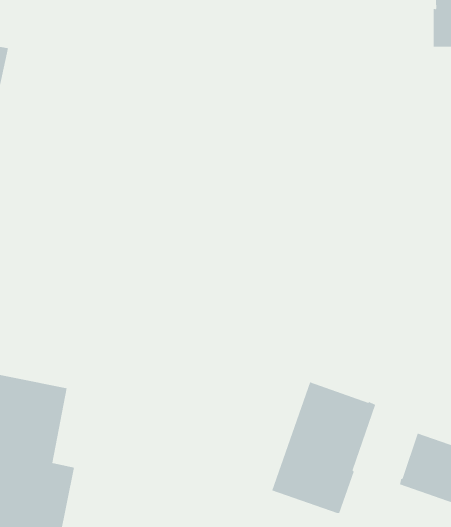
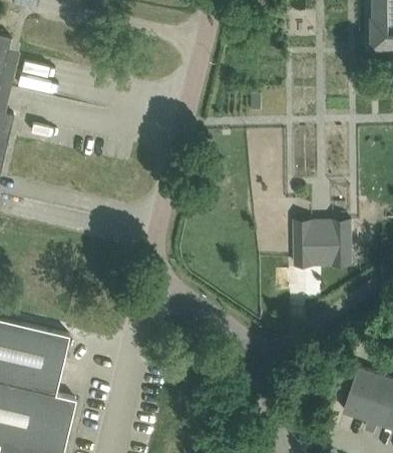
building: none -> [294,221,351,267]
building: [271,381,376,514] -> none

